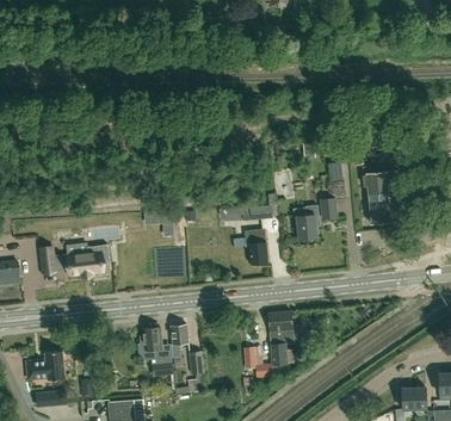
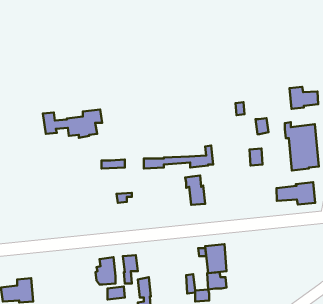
building: none -> [289,87,318,109]
building: [292,206,317,241] -> none
building: none -> [277,182,315,205]
building: [38,244,109,278] -> [43,110,102,138]

